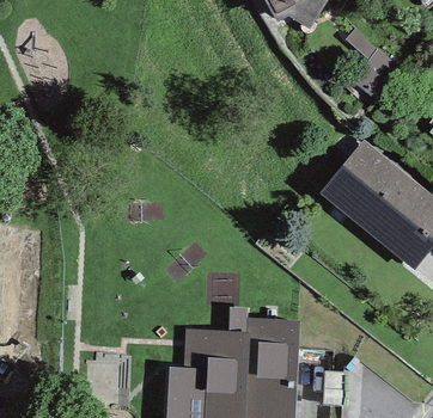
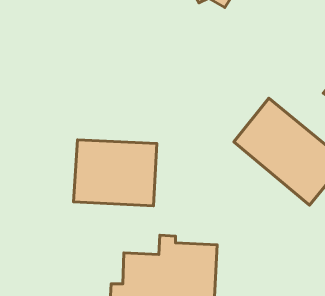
building: none -> [74,140,157,206]

